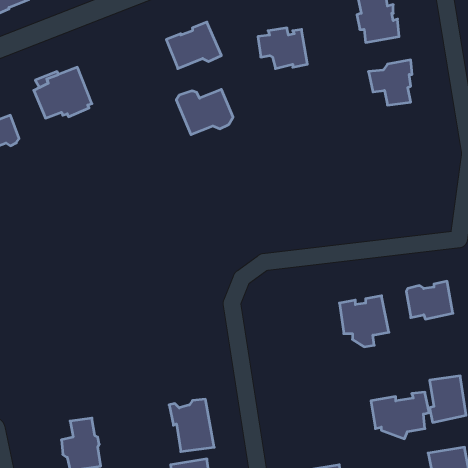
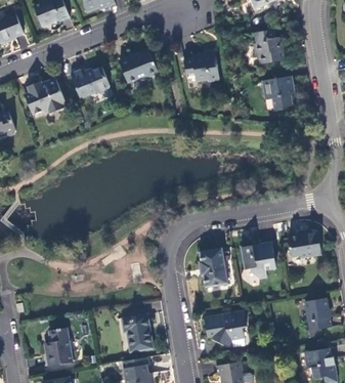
building: [176,89,233,135] -> [70,68,110,99]
building: none -> [198,249,227,287]
building: [371,392,429,439] -> [205,312,246,345]

